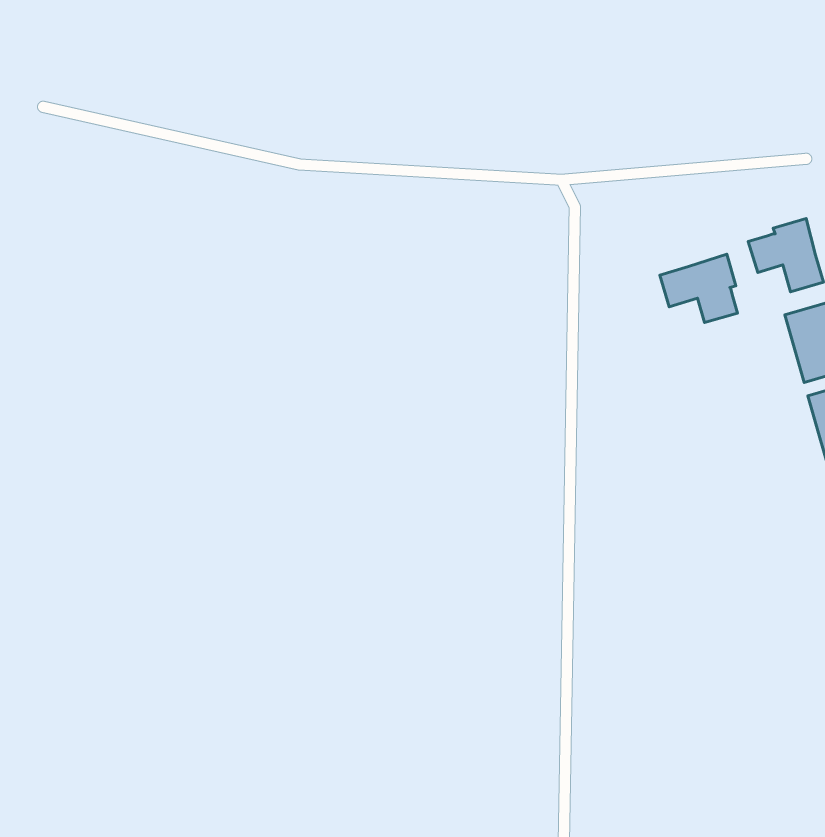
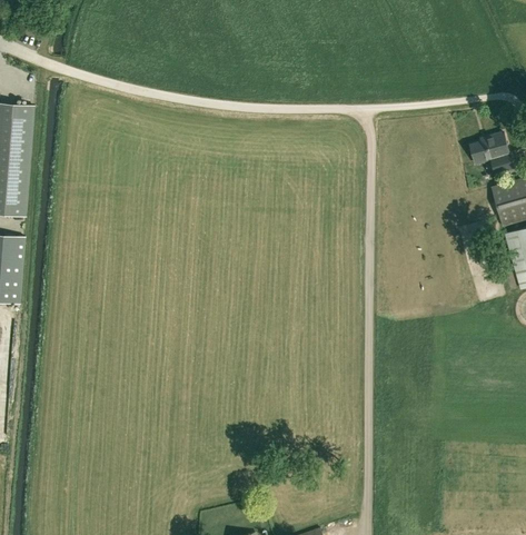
building: [660,254,738,322] -> none

